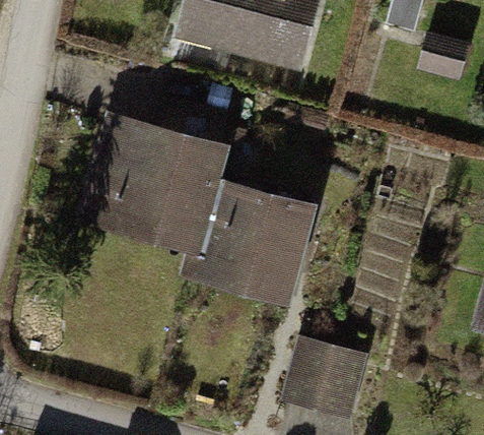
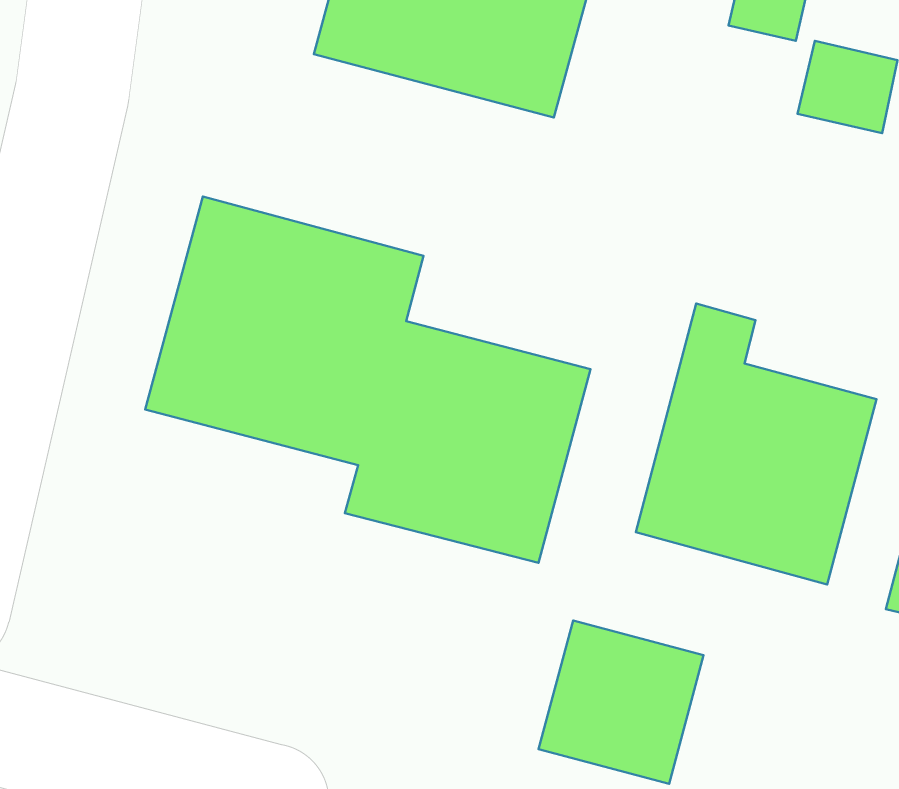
building: none -> [636,303,876,584]

